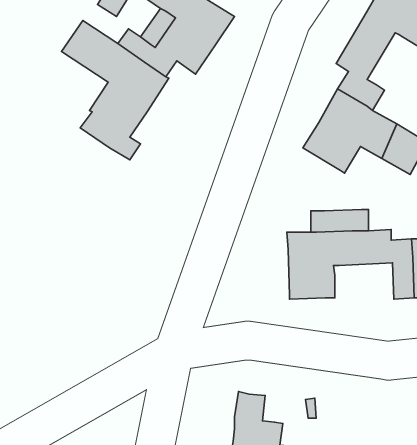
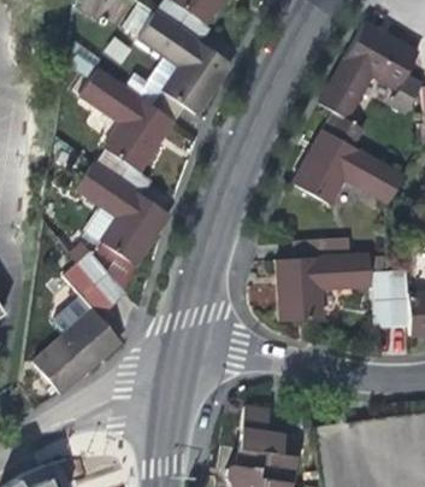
building: none -> [75,163,169,265]
building: none -> [31,253,123,397]

